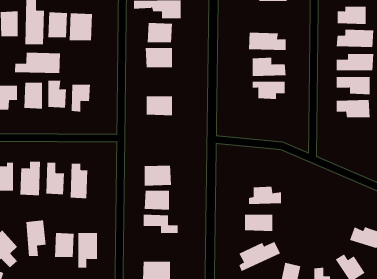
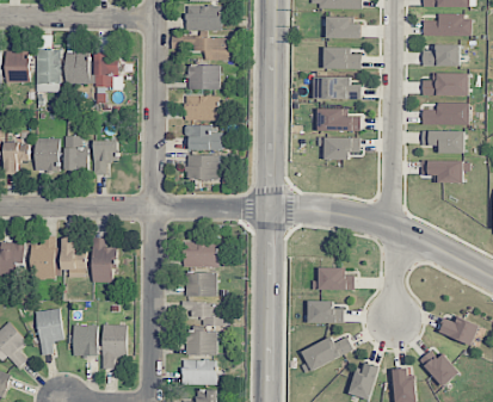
building: none -> [323,48,362,69]
building: [15,52,60,74] -> none
building: none -> [186,125,222,150]
building: none -> [185,330,217,354]

